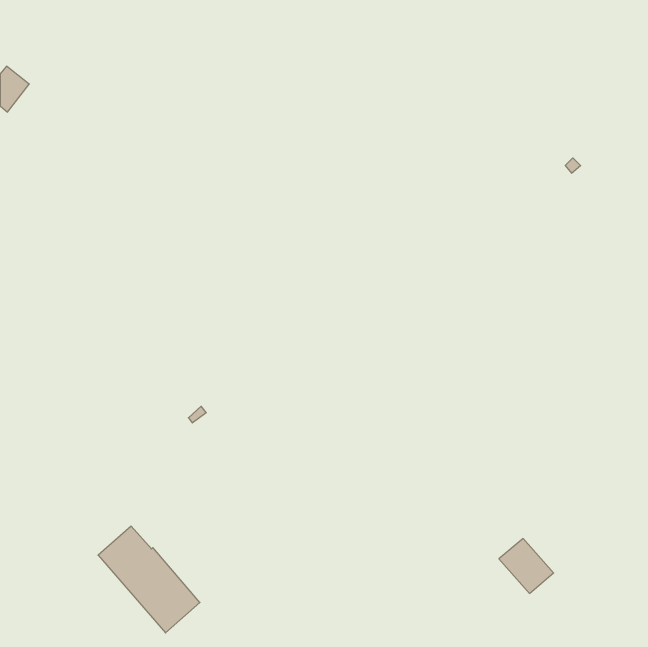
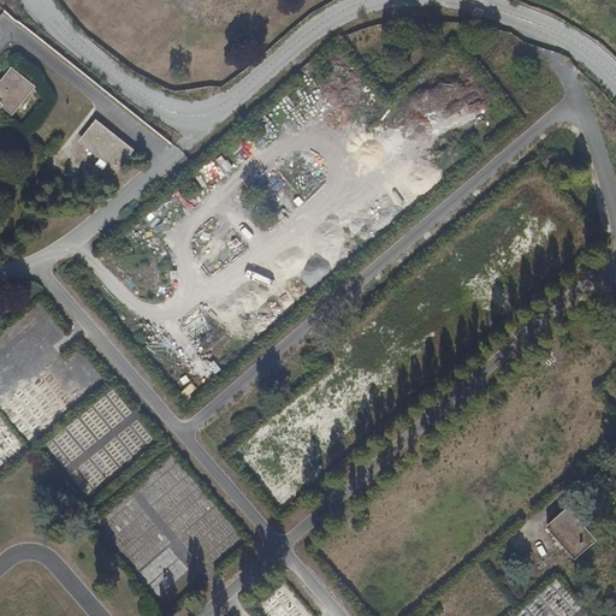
building: none -> [78,119,129,166]
building: [499,539,554,593] -> [550,513,602,564]

